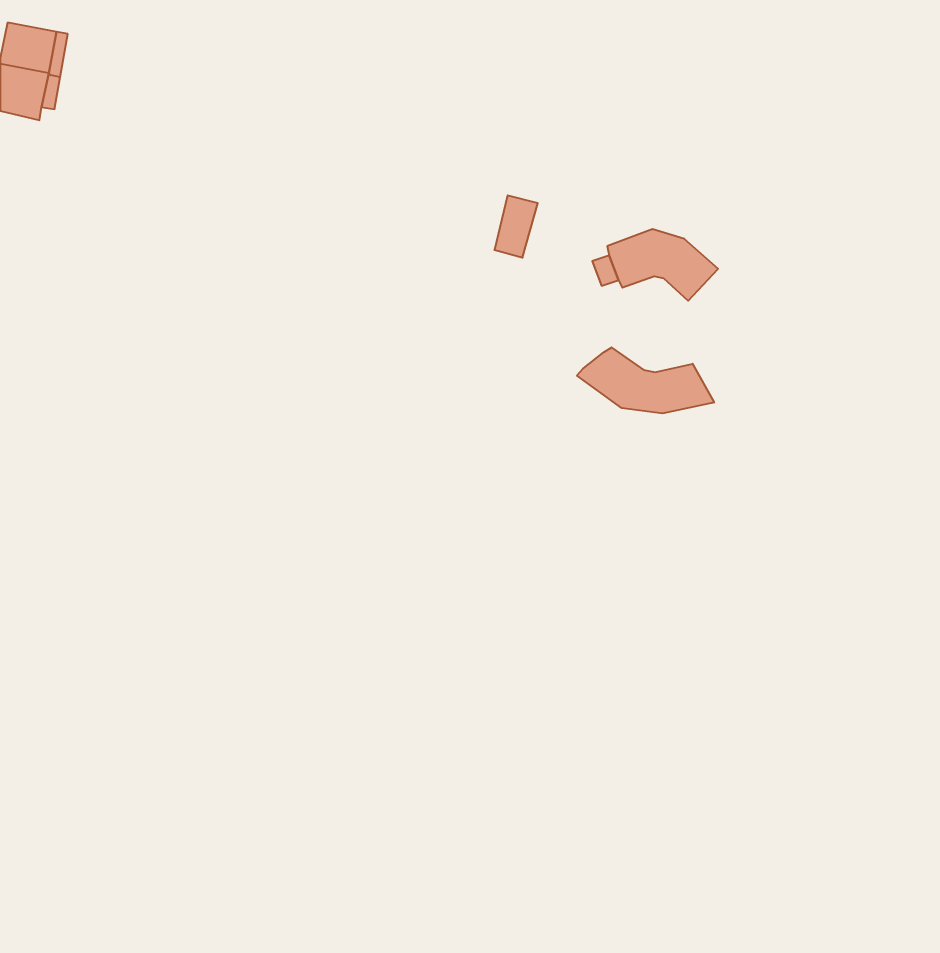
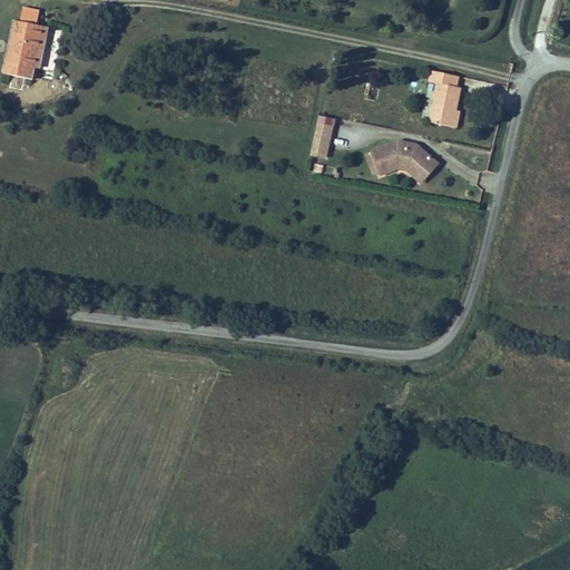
building: none -> [430,68,461,124]
building: [577,347,714,413] -> none

